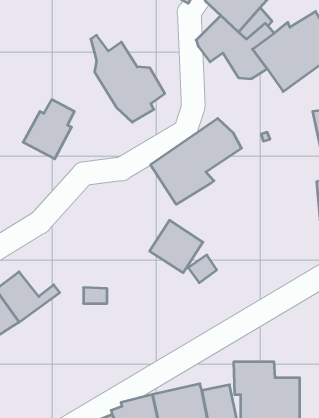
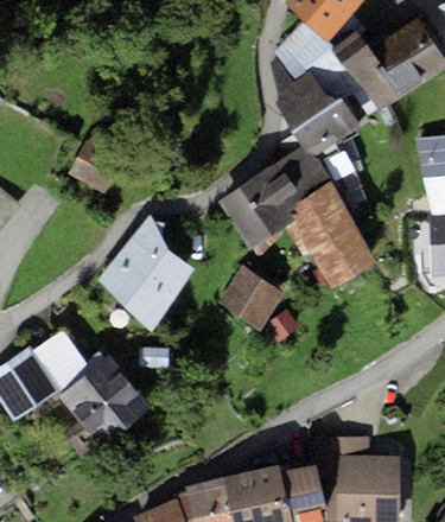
building: [91,35,165,122] -> [269,59,358,164]
building: none -> [286,182,377,287]
building: none -> [97,215,195,333]
building: none -> [56,355,152,448]

